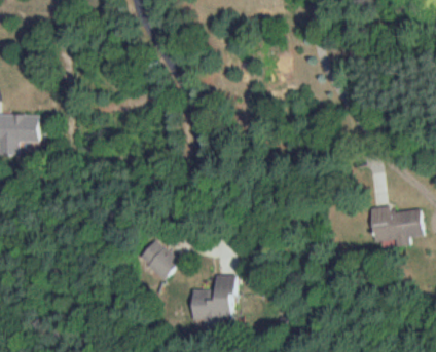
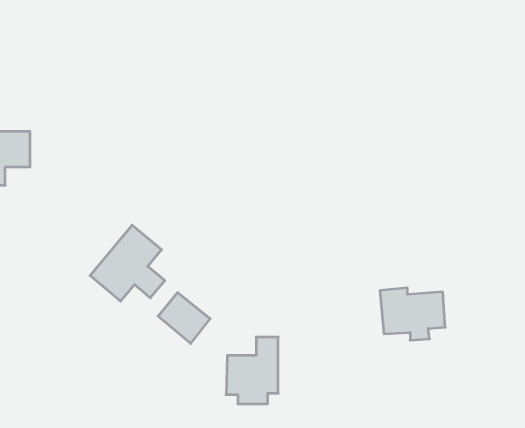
building: none -> [90,225,165,301]
building: [371,206,423,247] -> [380,288,445,340]

